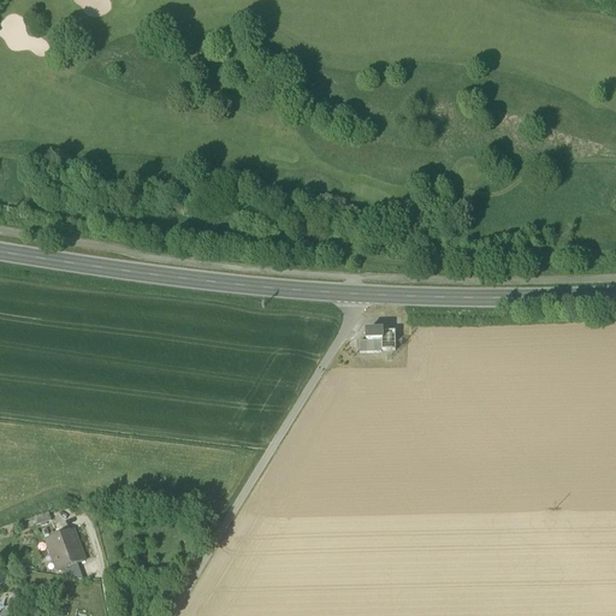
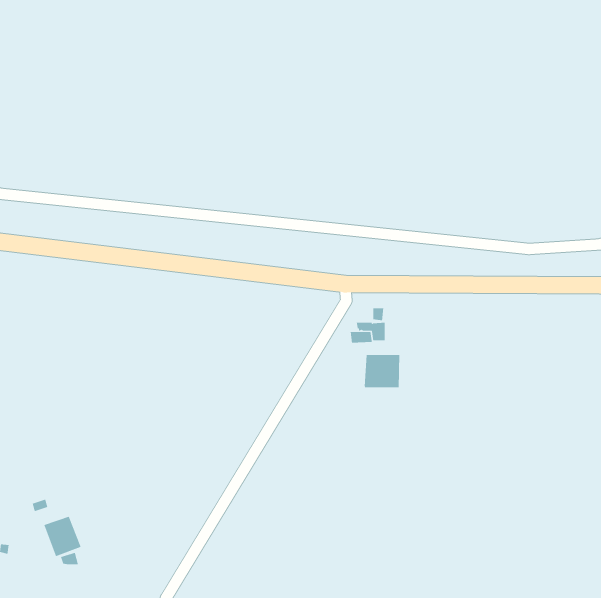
building: none -> [364,354,400,388]

